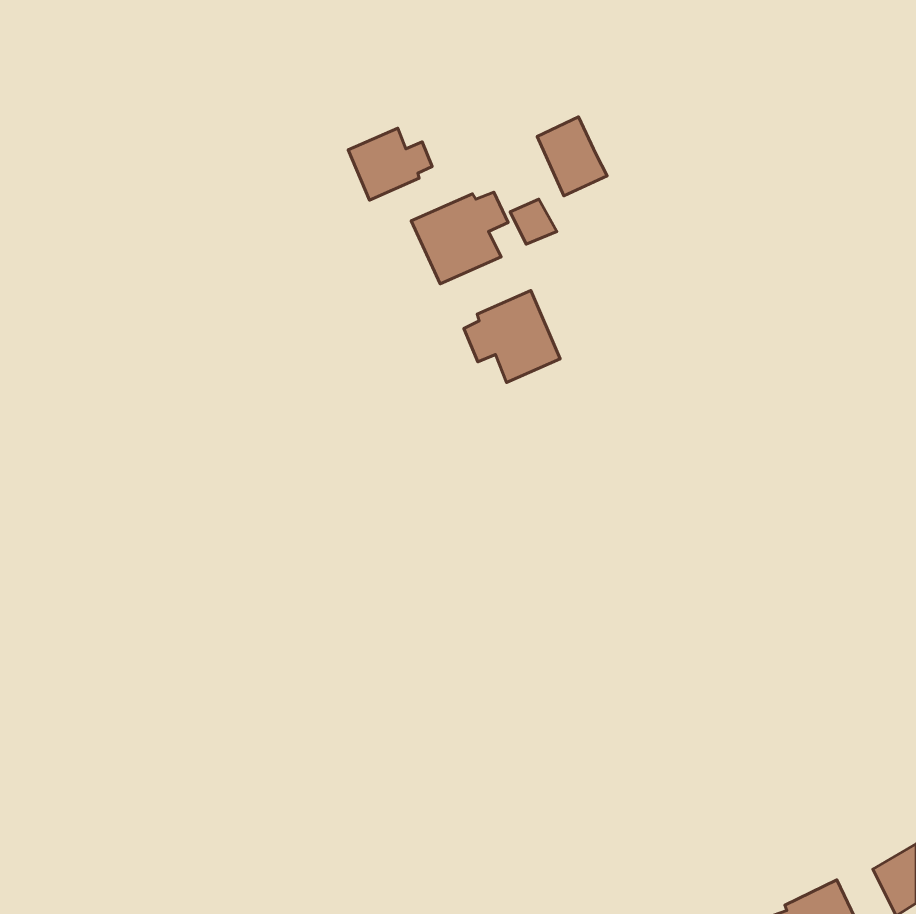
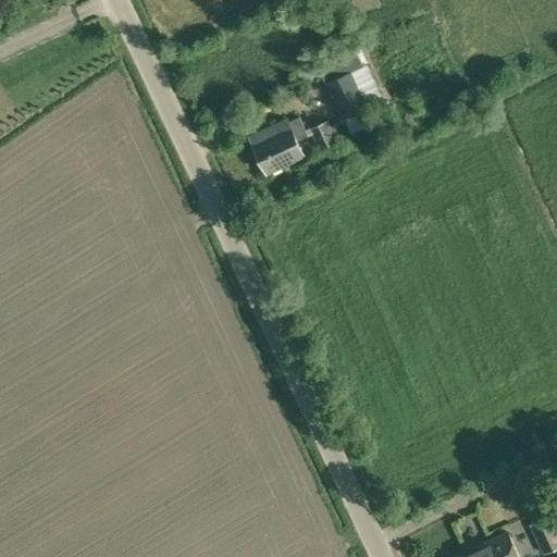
building: [348,128,432,200] -> none
building: [464,291,560,383] -> none

